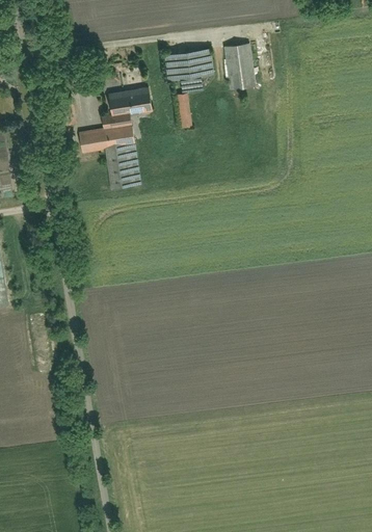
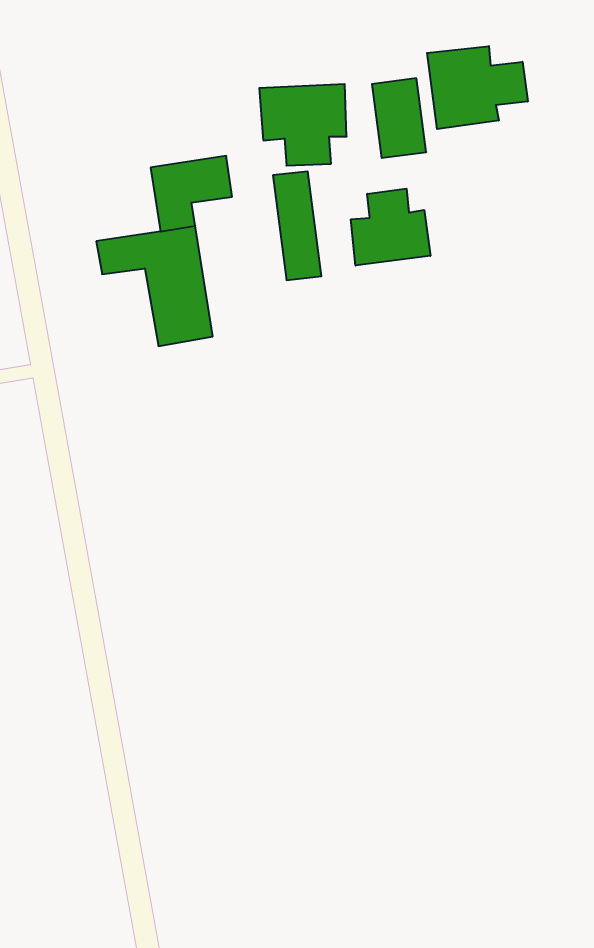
building: none -> [427,46,528,129]
building: none -> [351,189,430,266]

